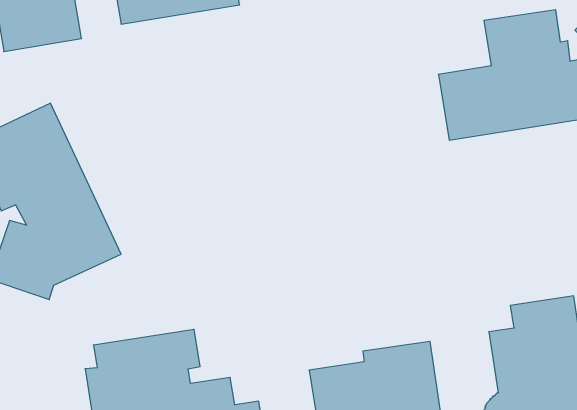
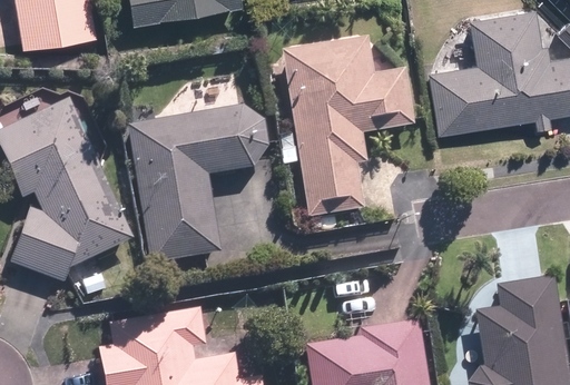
building: none -> [273,34,414,217]
building: none -> [127,59,267,263]

